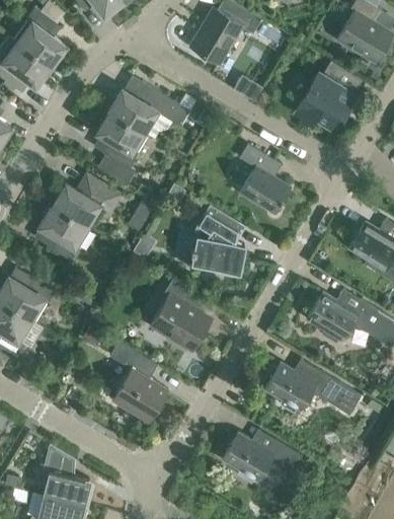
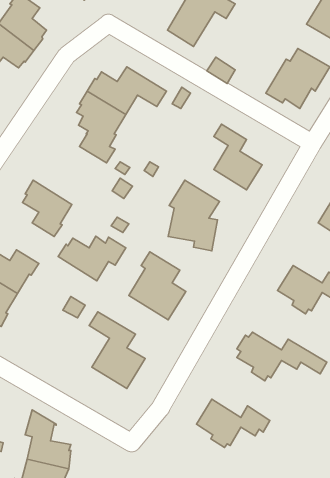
building: [51,182,122,229] -> [58,236,126,281]

